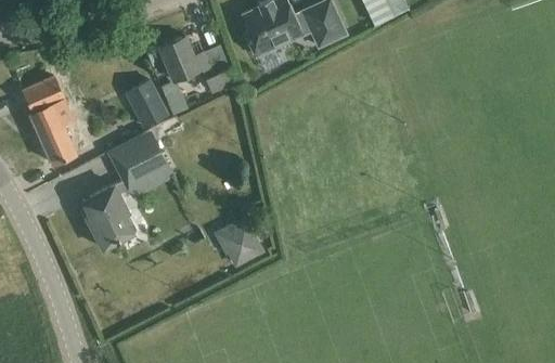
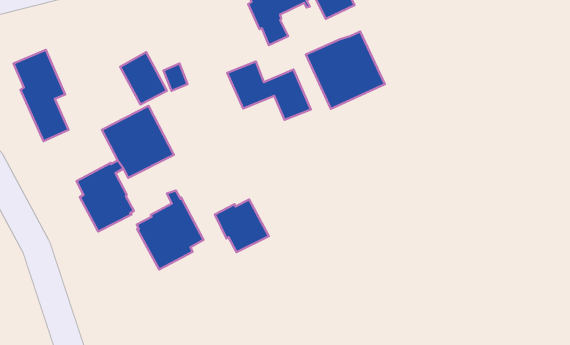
building: [158,36,237,91] -> [227,62,311,120]
building: none -> [306,32,385,109]
building: none -> [137,190,203,270]

